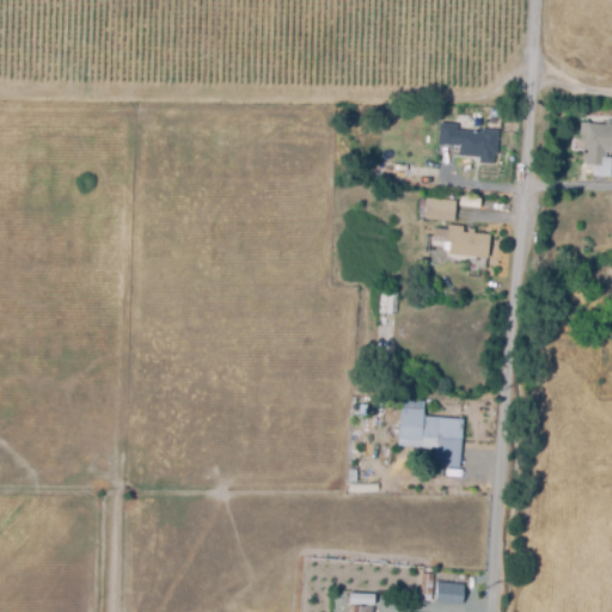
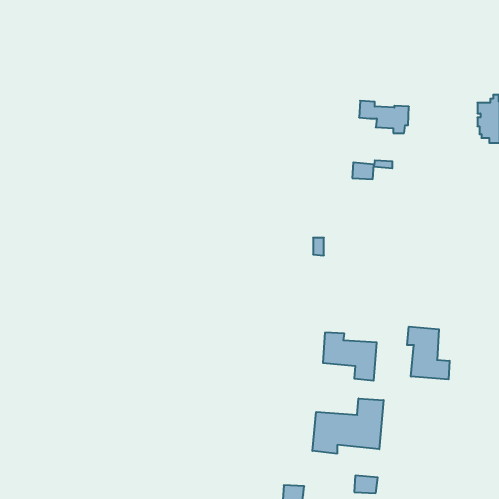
building: [439,226,492,256] -> none
building: none -> [407,327,450,379]
building: none -> [312,398,384,454]

